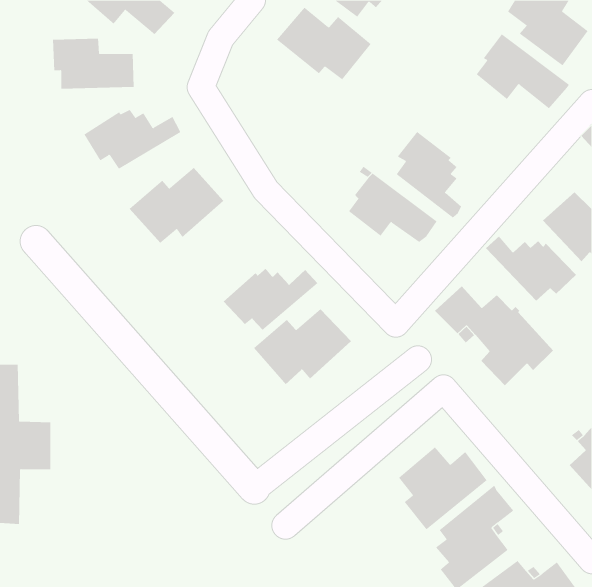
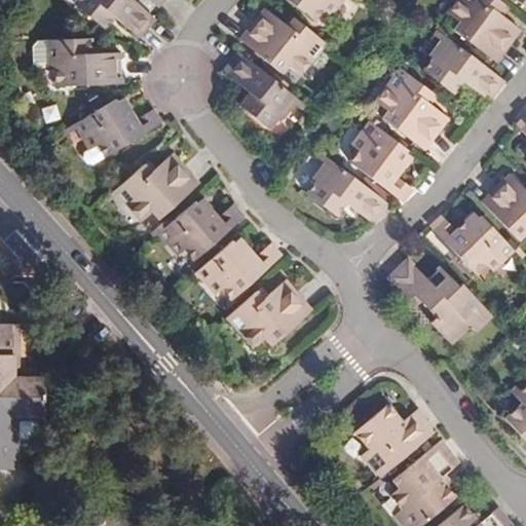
building: none -> [226,54,298,129]
building: none -> [379,69,451,150]
building: none -> [158,202,243,259]

